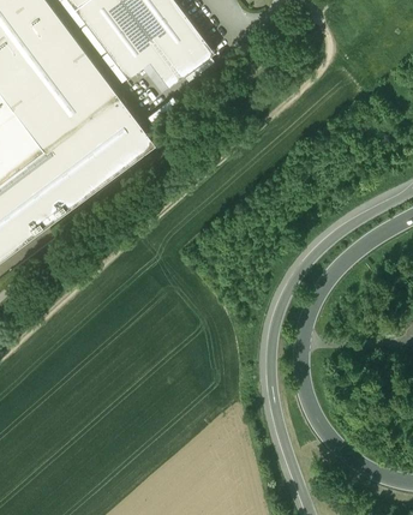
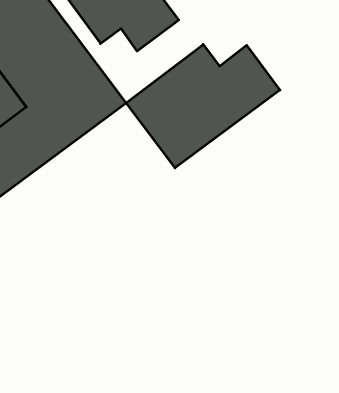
building: none -> [126,44,280,168]

